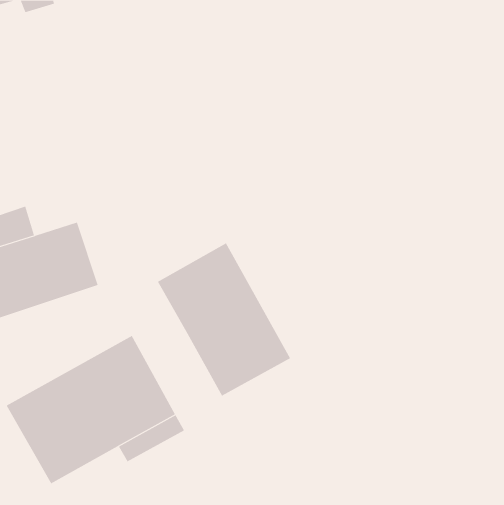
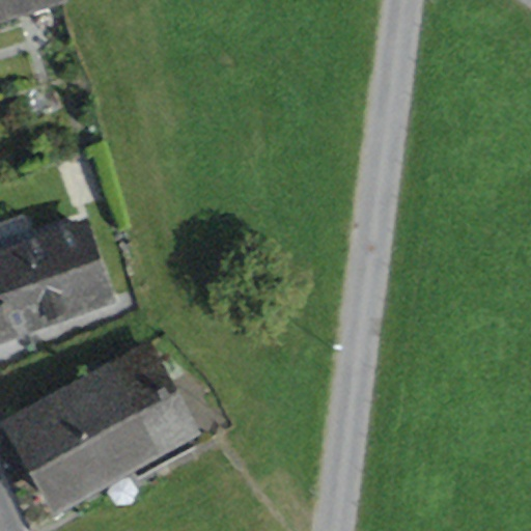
building: [157,242,291,396] -> none

